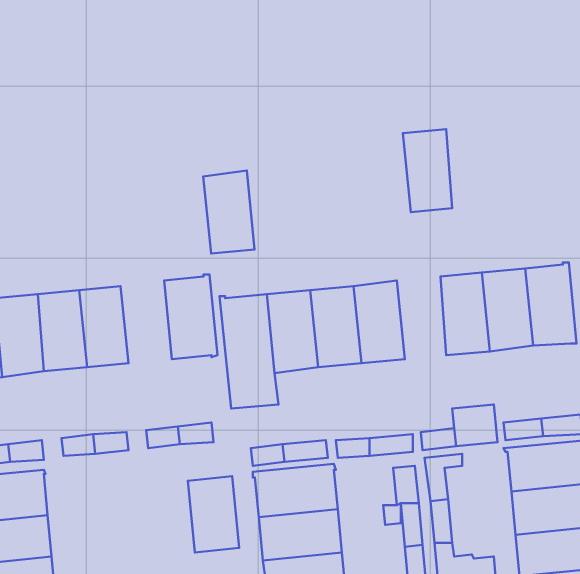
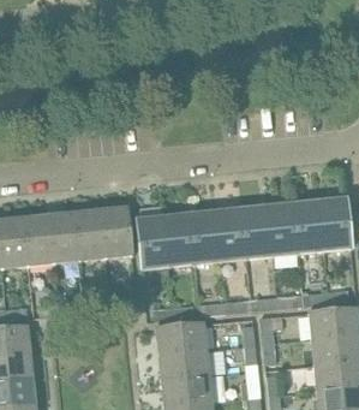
building: [403,129,452,212] -> [243,207,273,257]
building: [203,171,255,253] -> [74,209,106,260]
building: [188,476,239,553] -> none

